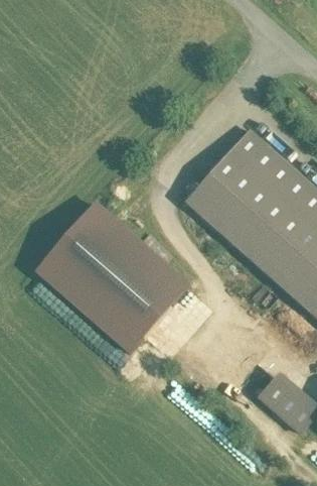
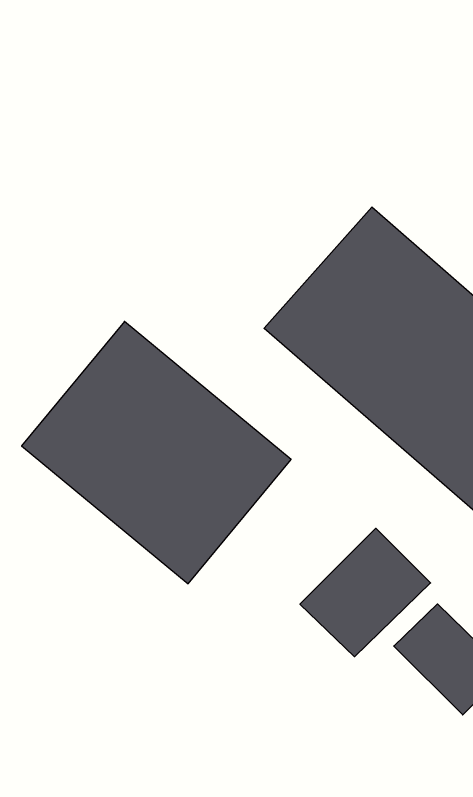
building: none -> [300,528,431,657]

